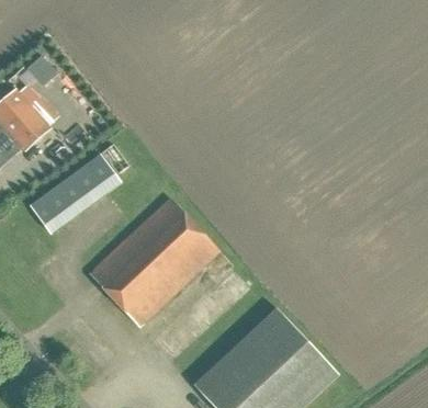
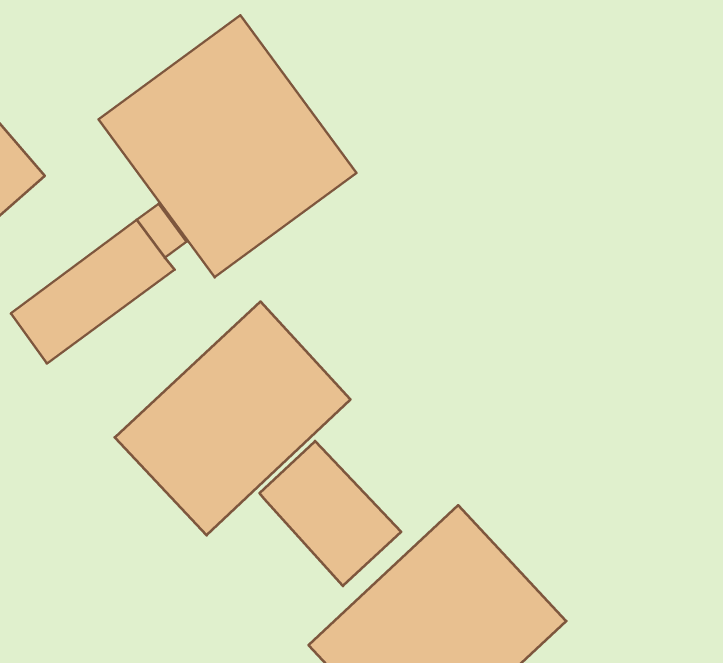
building: none -> [99,15,356,277]
building: none -> [260,441,401,586]

